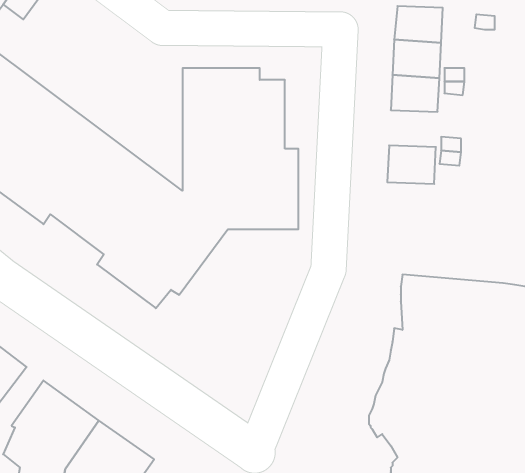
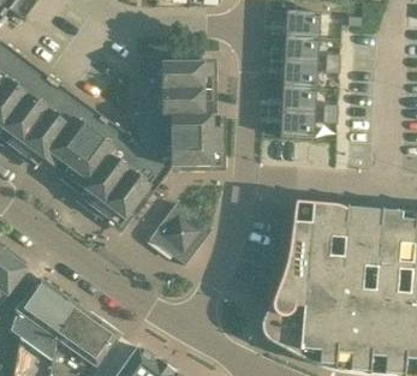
building: none -> [285,84,320,111]
building: none -> [148,203,210,264]

